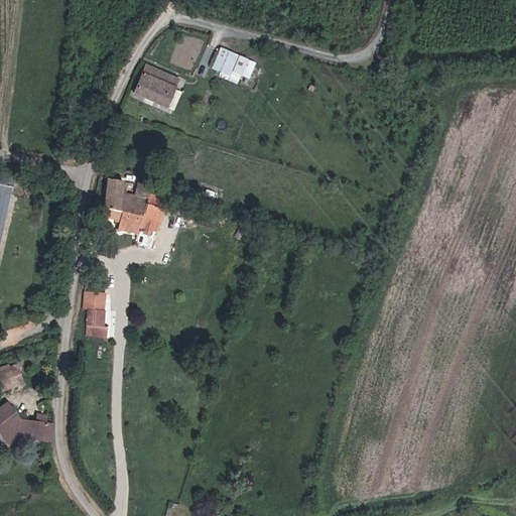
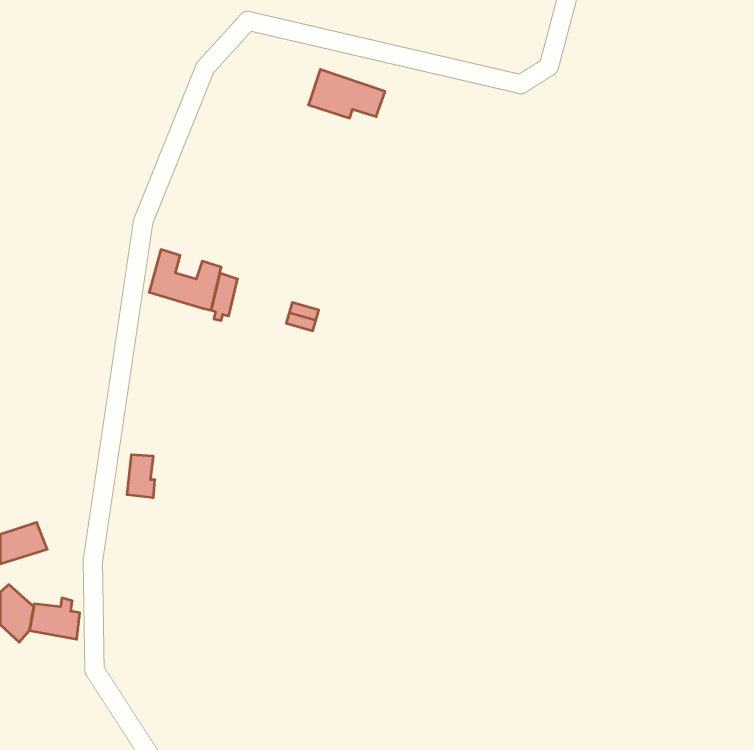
building: [139,69,172,107] -> none
building: [99,203,139,232] -> none
building: [85,294,106,314] -> none

